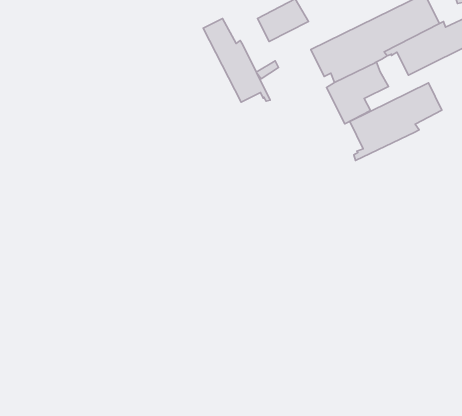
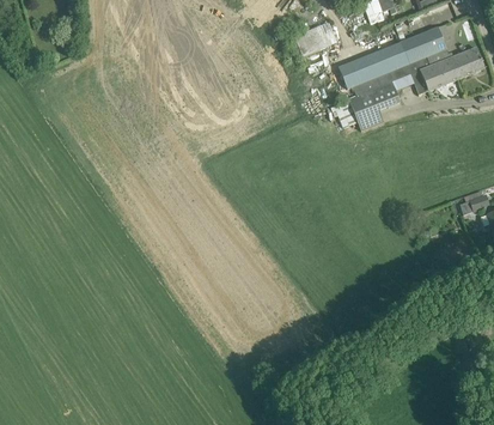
building: [203,18,270,102] -> none
building: [350,83,442,160] -> none

